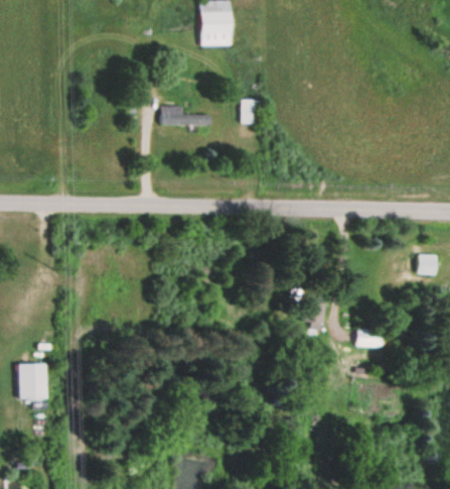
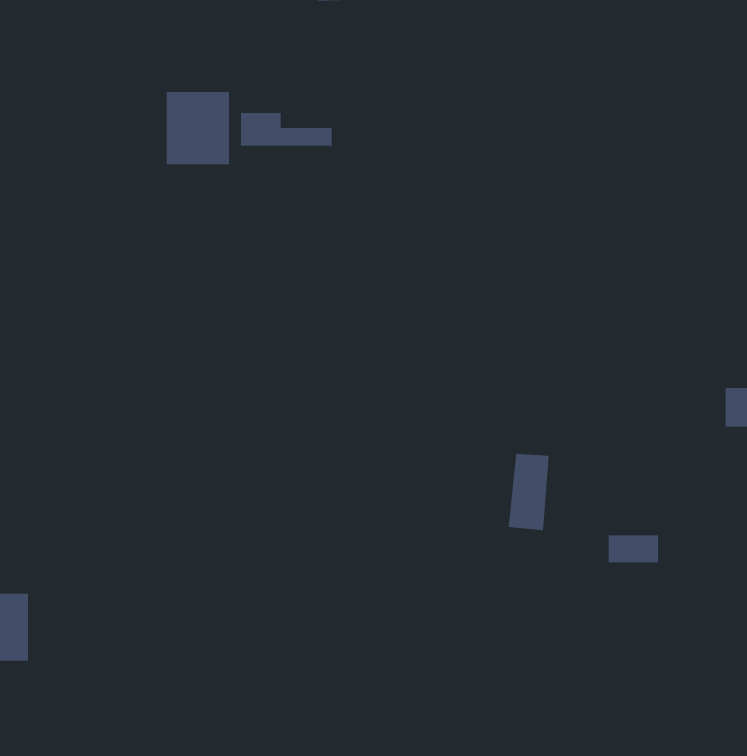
building: none -> [166,91,230,165]
building: [240,100,260,124] -> none

